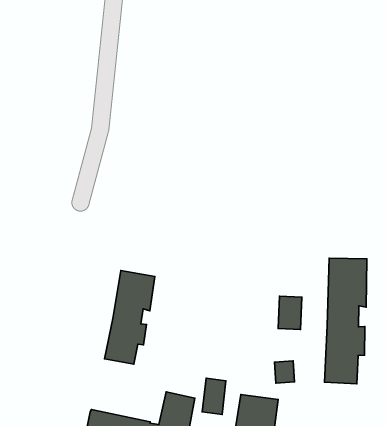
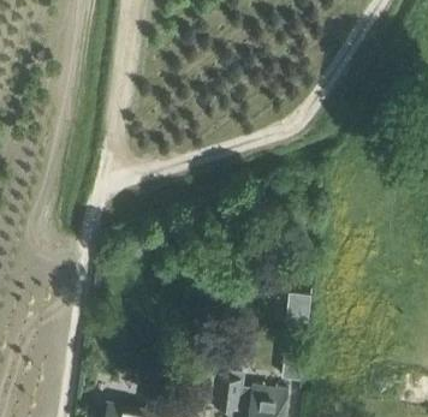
building: [324,258,367,384] -> none
building: [105,271,155,364] -> none

